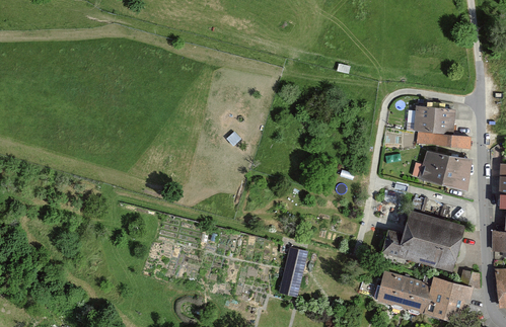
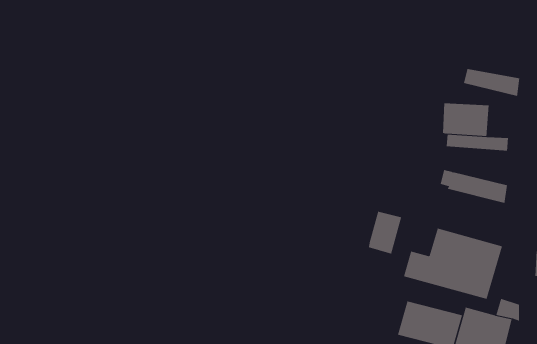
building: [424,152,472,175] -> [463,69,520,96]
building: none -> [368,211,402,254]
building: [279,248,307,297] -> none

